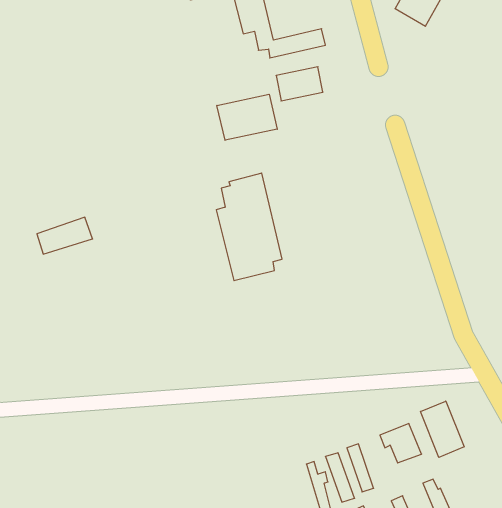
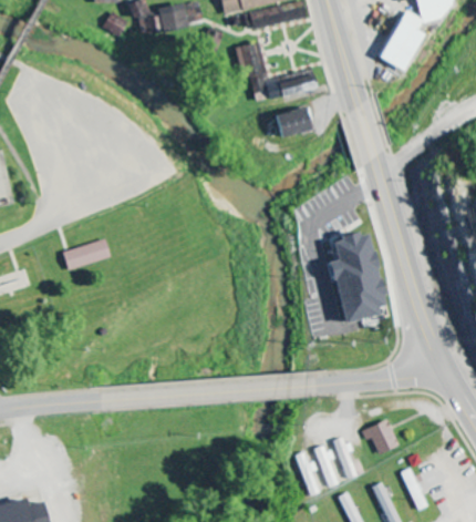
building: [217,94,277,140] -> none
building: [216,173,282,281] -> [325,229,383,324]
building: [421,401,464,457] -> none

